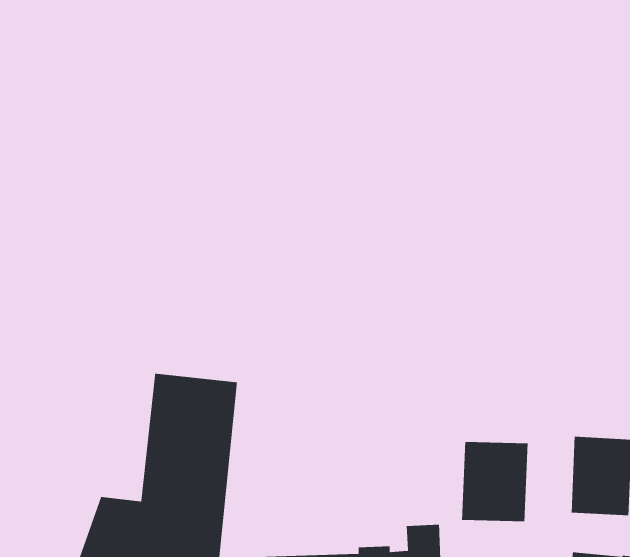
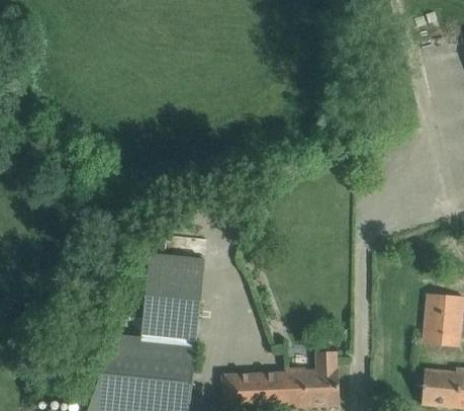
building: [461,441,528,522] -> none

